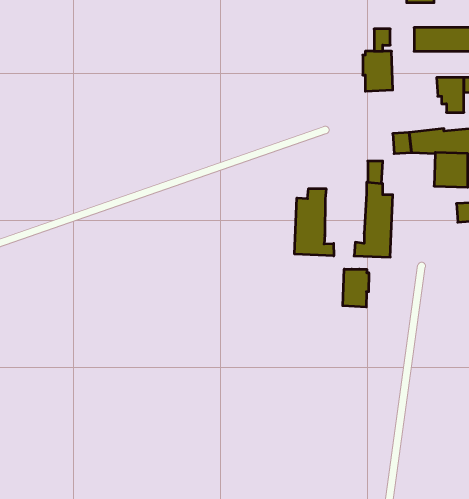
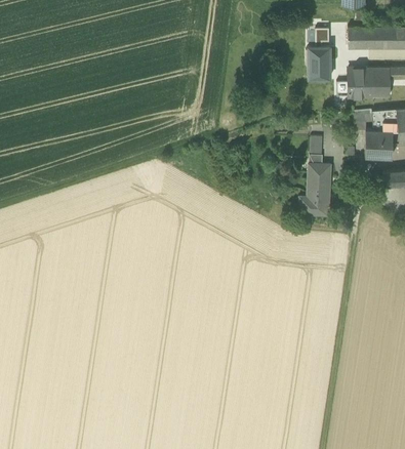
building: none -> [335,69,374,98]
building: [295,189,334,256] -> none
building: [343,269,369,307] -> none

